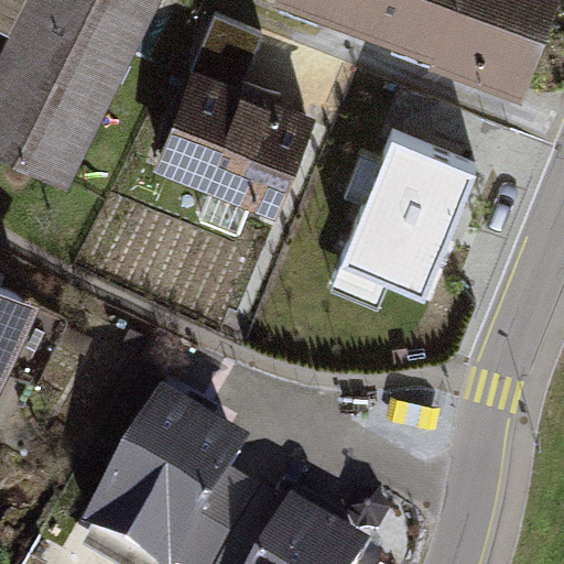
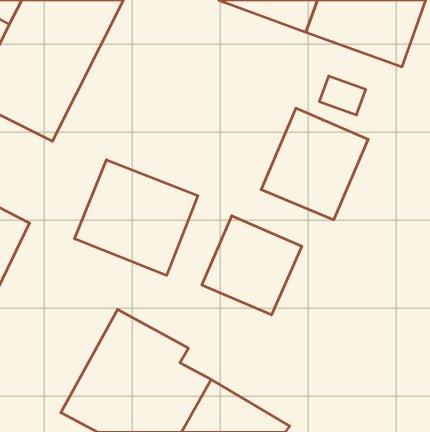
building: [150,10,318,205] -> none
building: none -> [75,160,198,275]
building: none -> [202,216,302,315]

